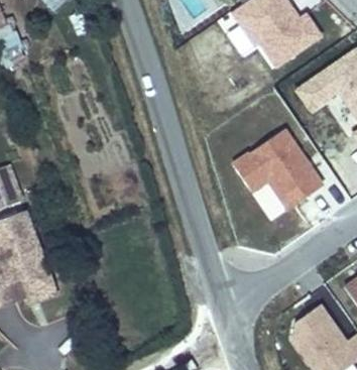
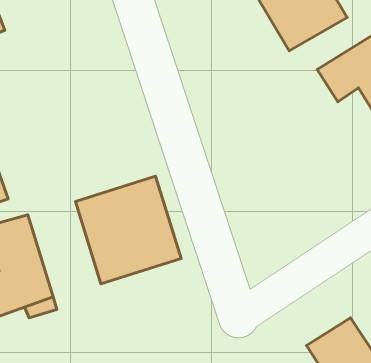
building: [230,126,323,210] -> none
building: none -> [75,176,181,284]

